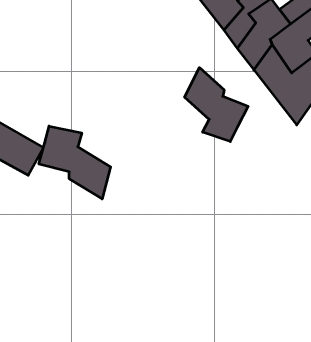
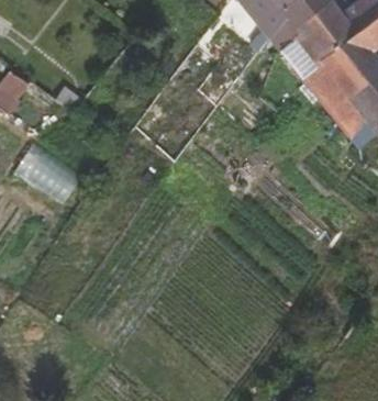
building: [185,68,248,142] -> none
building: [39,126,111,199] -> none

